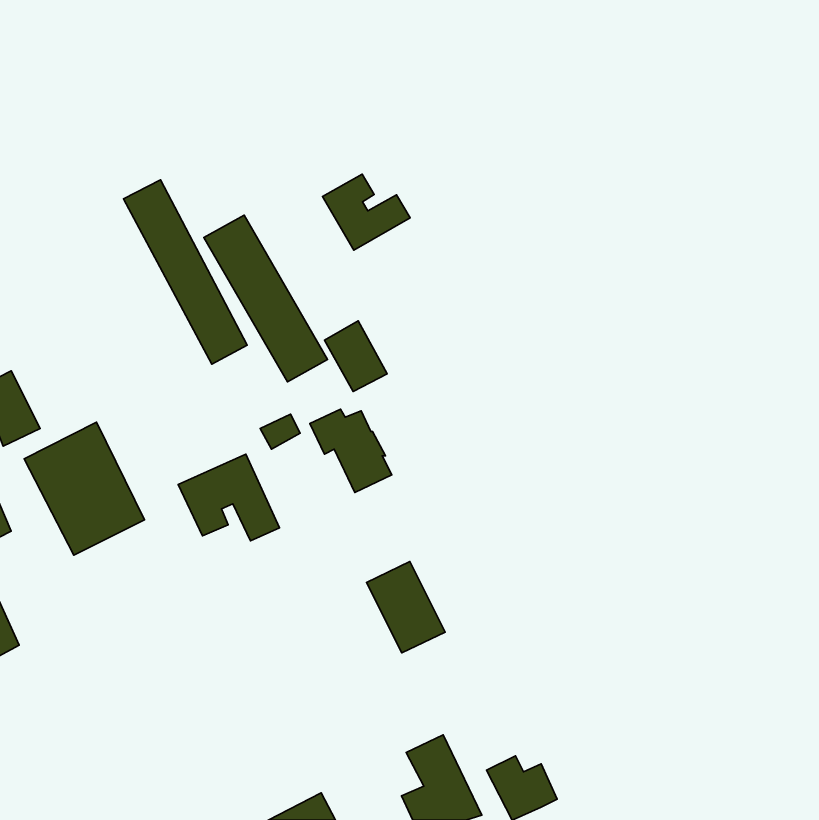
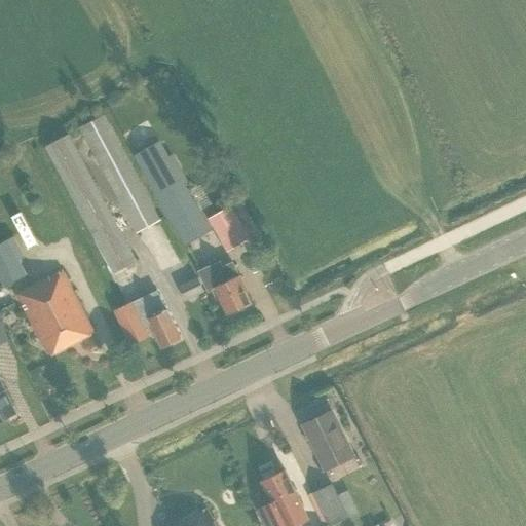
building: [323,174,410,250] -> none
building: none -> [44,135,135,273]
building: [367,562,445,653] -> [302,411,352,469]

